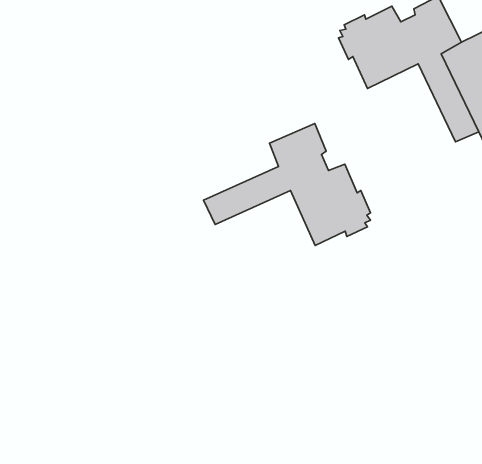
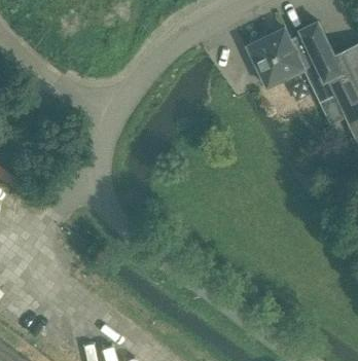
building: [203,124,371,246] -> none

